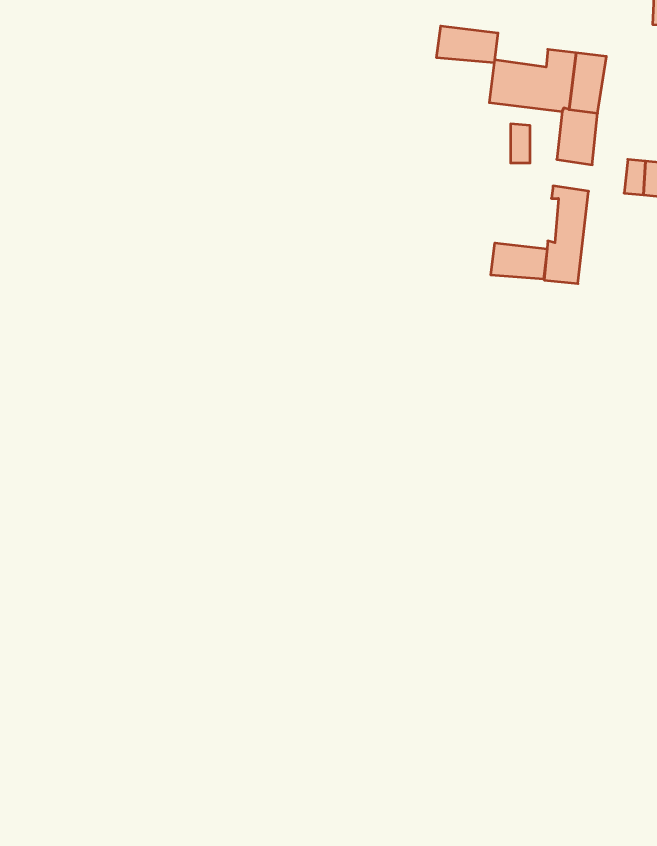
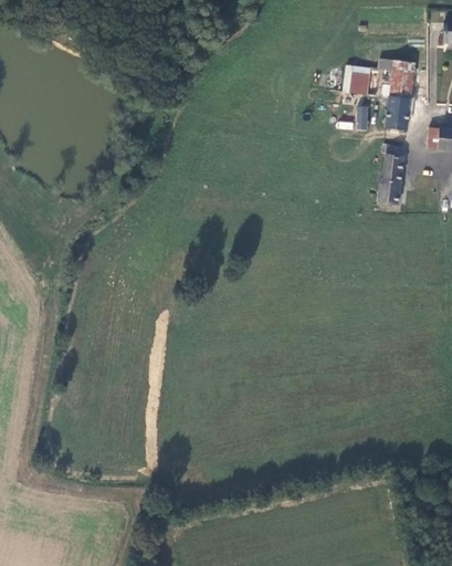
building: [437,26,498,63] -> none
building: [491,243,547,279] -> none

